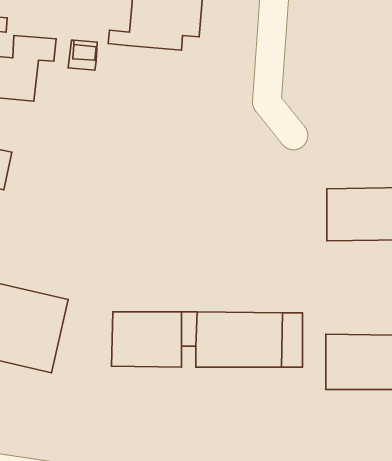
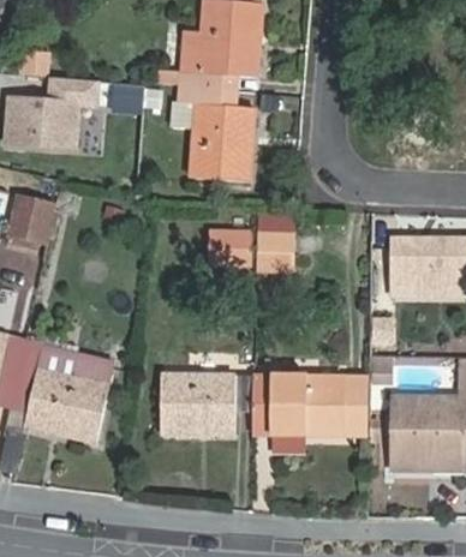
building: none -> [168,86,253,181]
building: none -> [257,214,293,270]
building: none -> [207,230,250,265]

